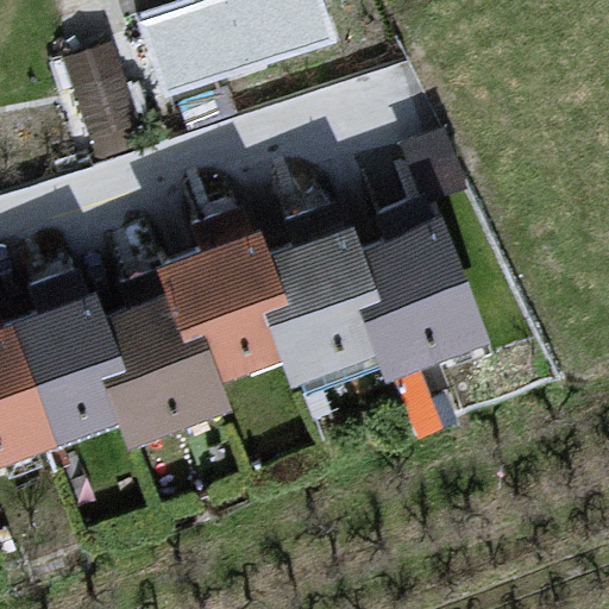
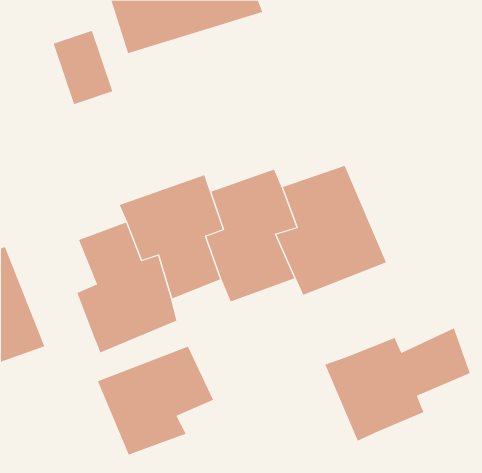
building: [7,293,121,448] -> none
building: none -> [324,327,471,441]
building: none -> [97,346,214,456]

